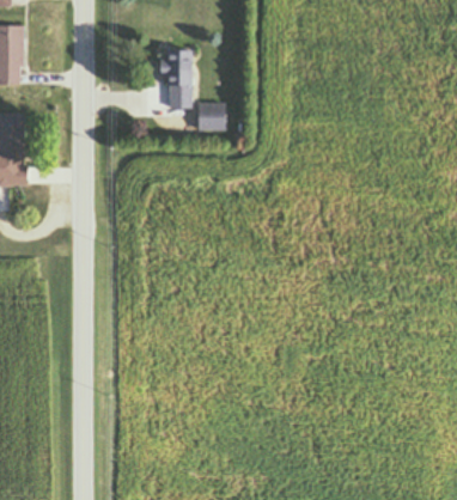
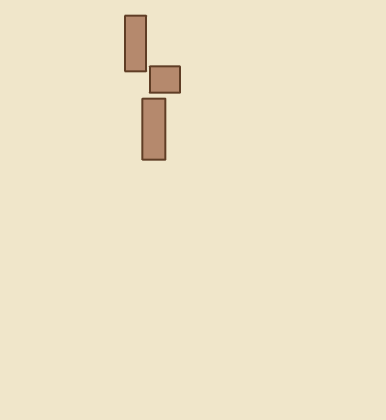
building: none -> [143,99,165,160]

